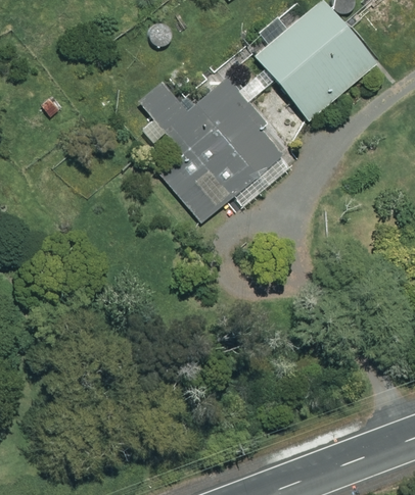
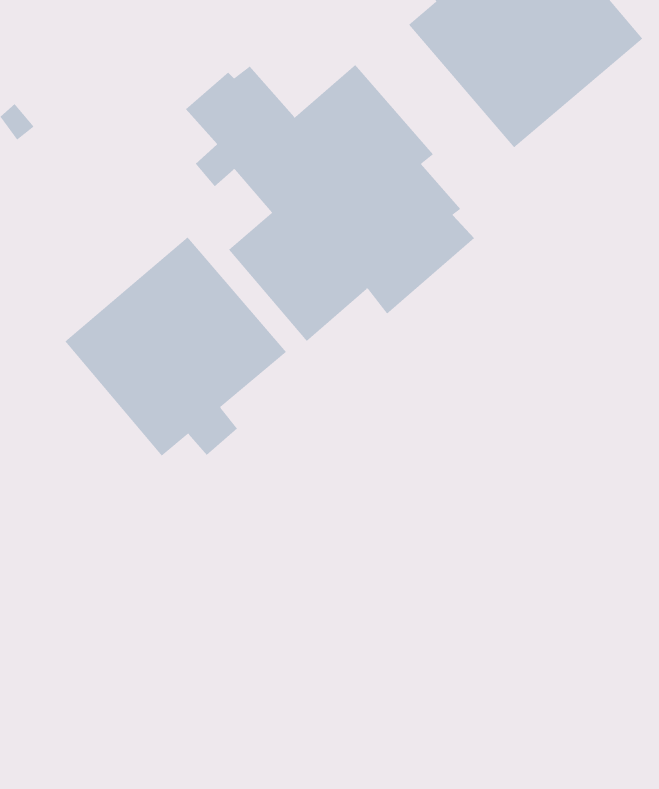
building: none -> [65,236,287,457]

